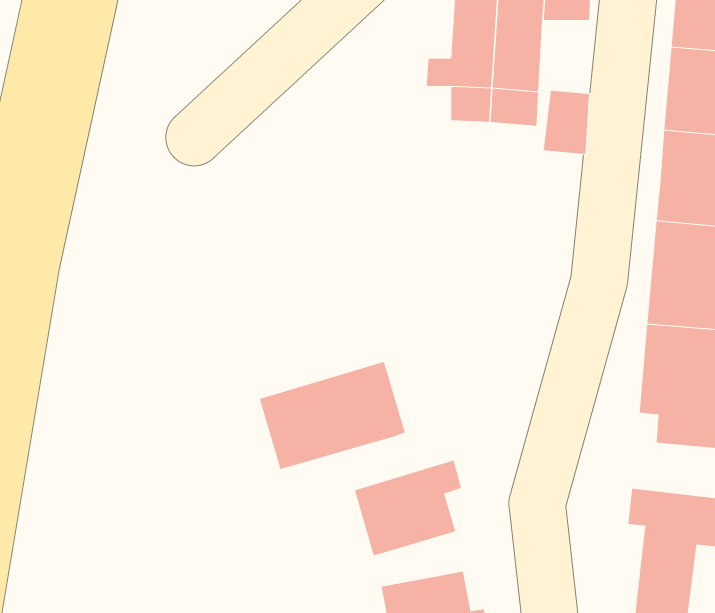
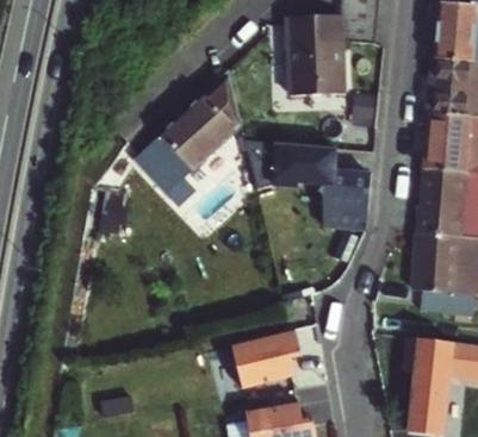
building: none -> [136,68,244,192]
building: none -> [256,143,374,233]
building: [259,361,405,470] -> none

